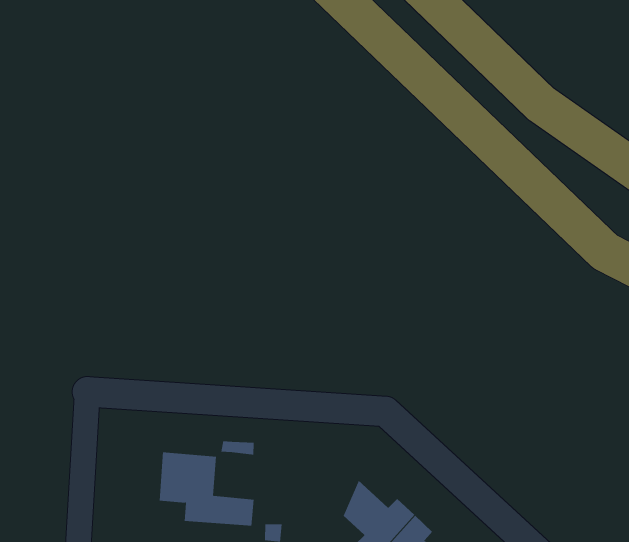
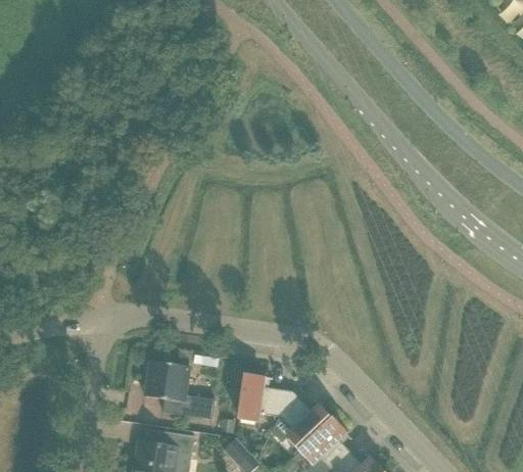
building: none -> [238,374,292,422]

